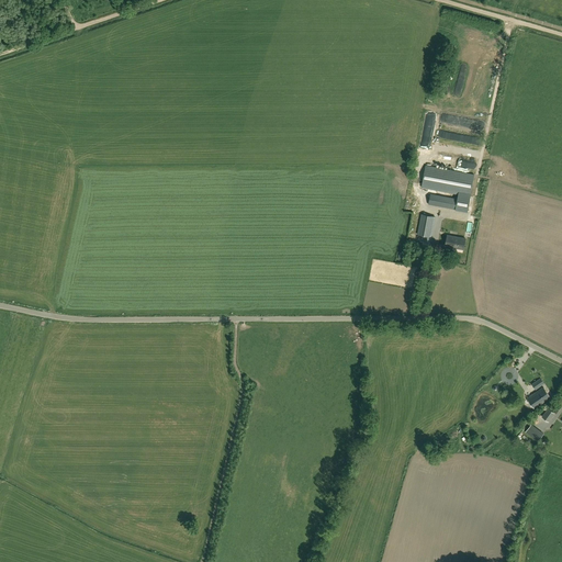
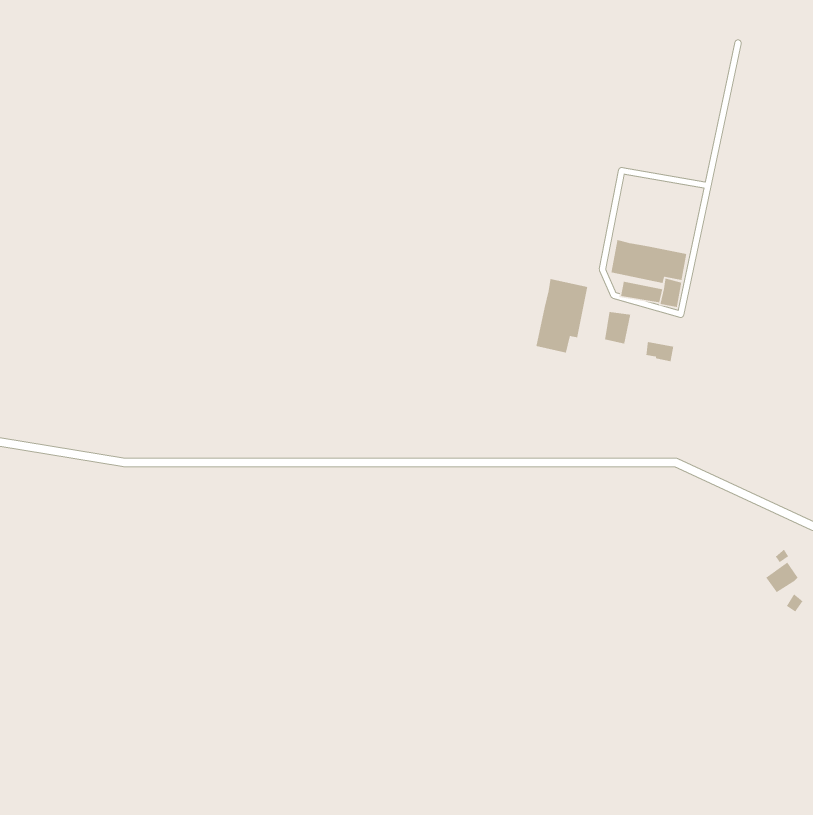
building: none -> [535,278,588,354]

